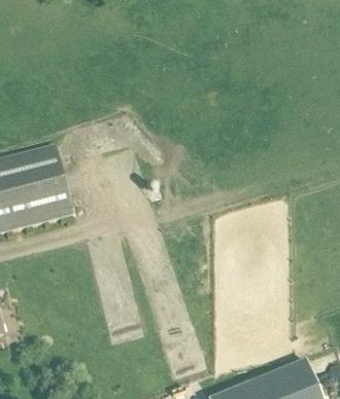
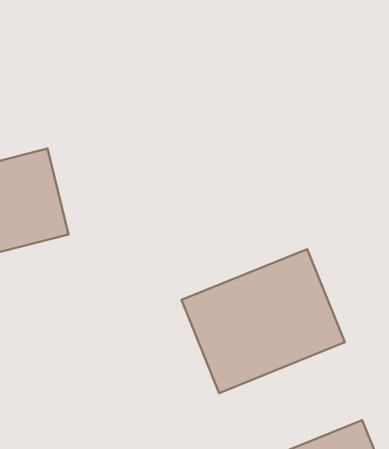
building: none -> [182,249,345,393]

